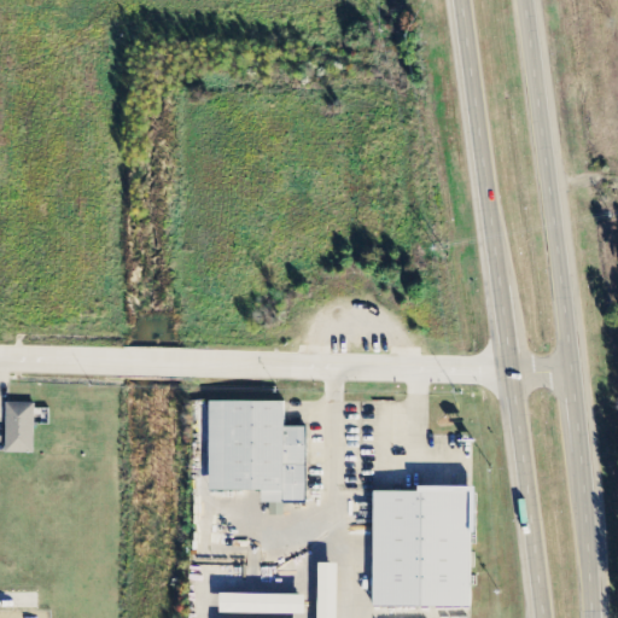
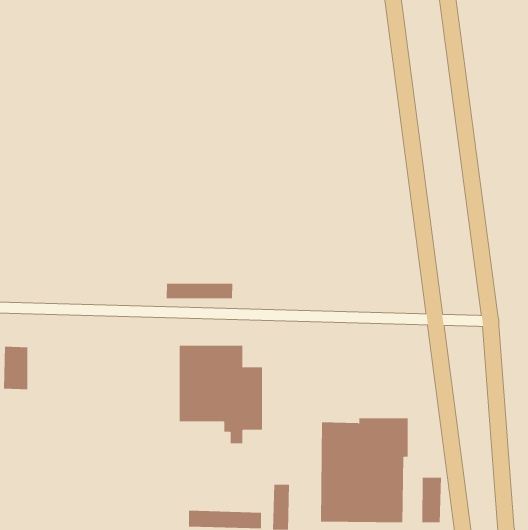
building: none -> [166,283,233,299]
building: none -> [422,477,442,523]

